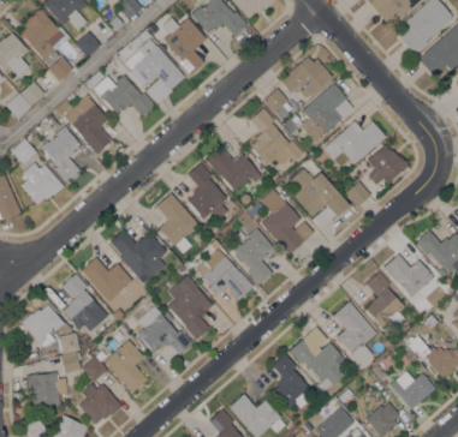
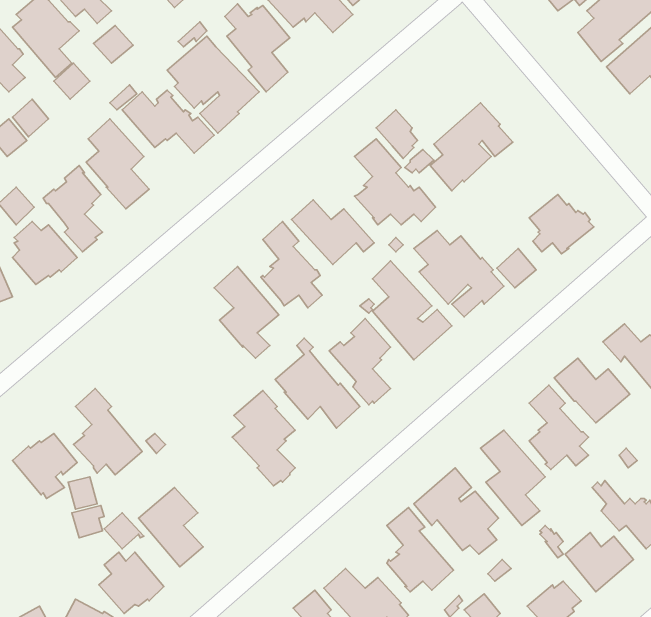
building: [279,56,332,97] -> none
building: [323,120,385,163] -> none
building: [109,229,166,277] -> none
building: [81,257,132,301] -> none
building: [136,309,192,354] -> none
building: [29,372,67,406] -> none

